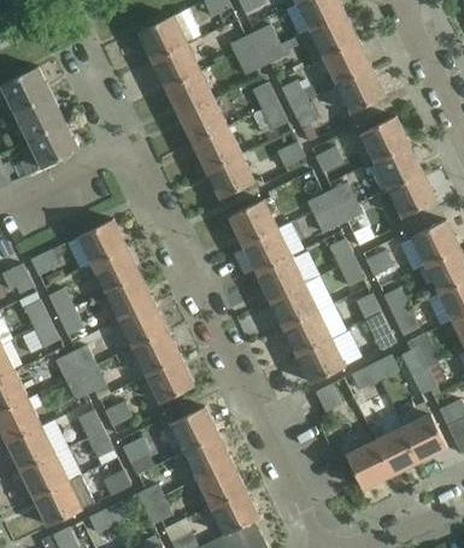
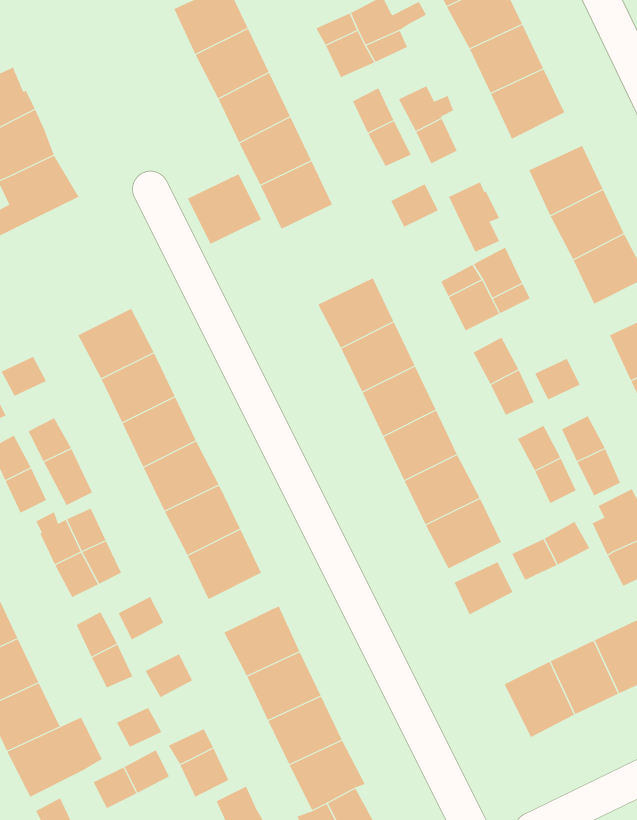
building: [206,154,253,199] -> [187,174,262,245]

